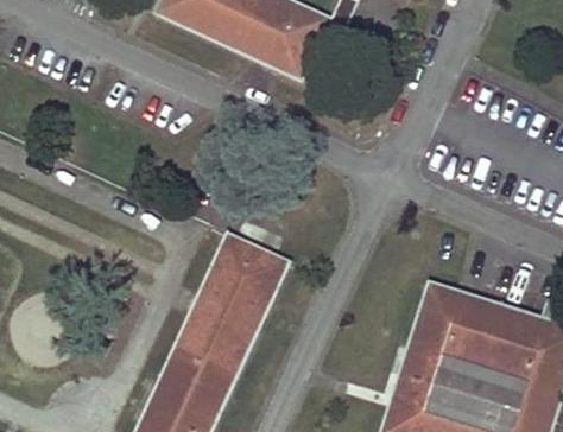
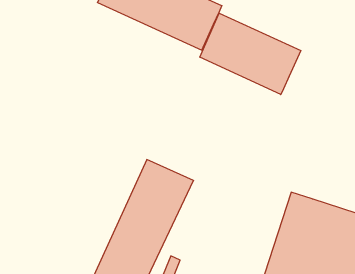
building: none -> [200,13,301,95]

